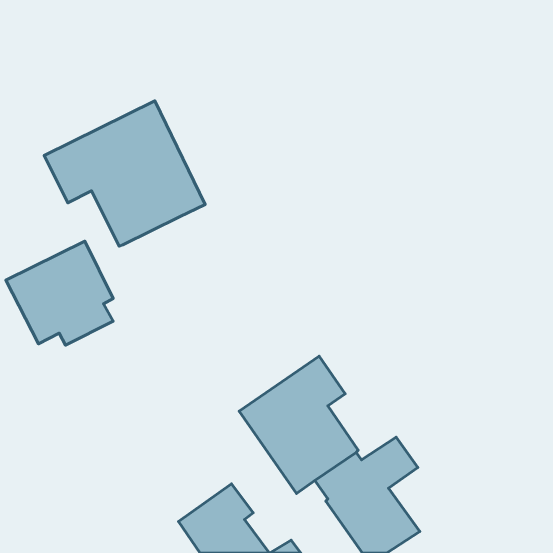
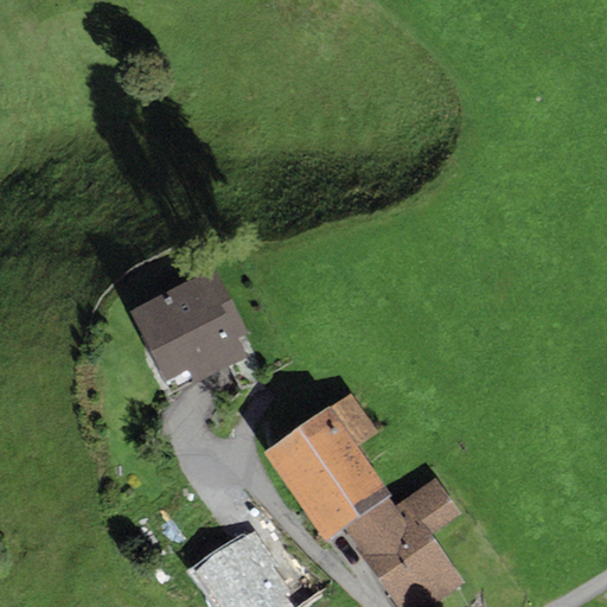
building: [44,101,205,246] -> none
building: [6,241,113,345] -> [129,269,247,383]

